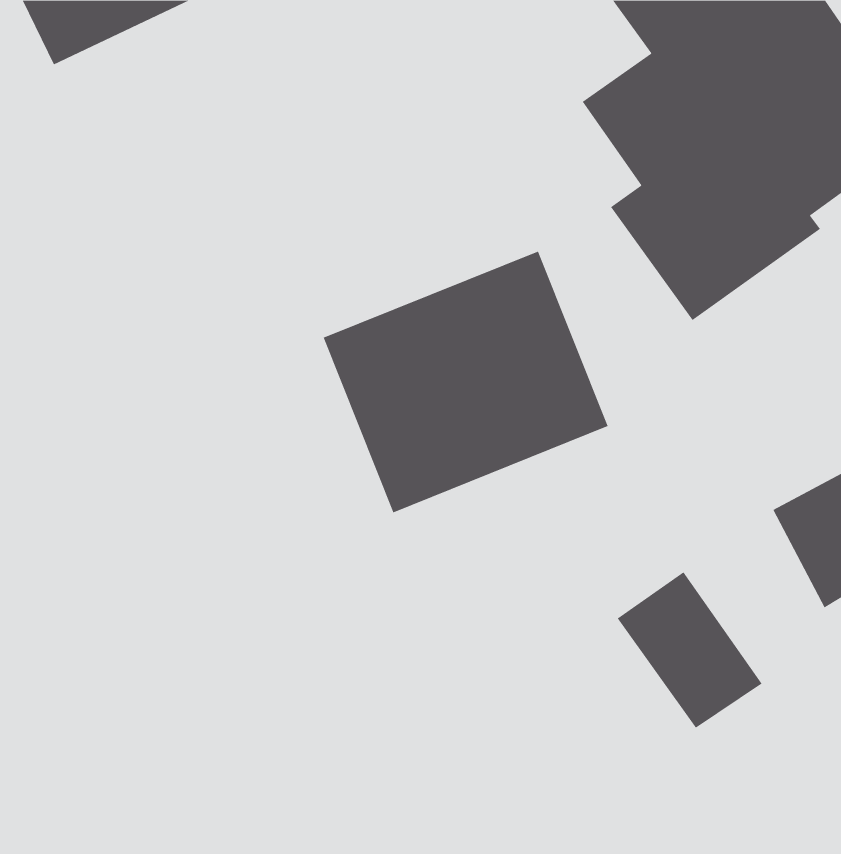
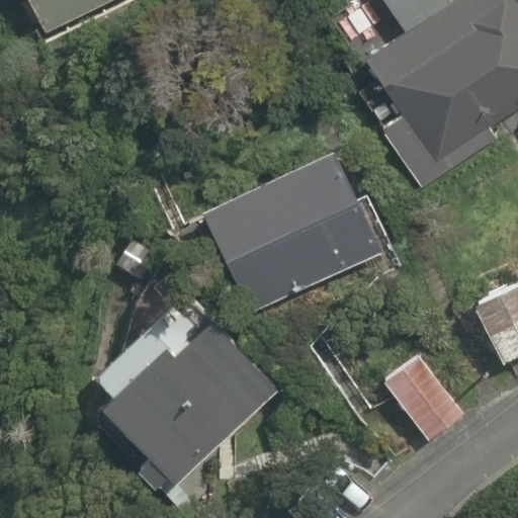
building: none -> [82,286,282,490]

